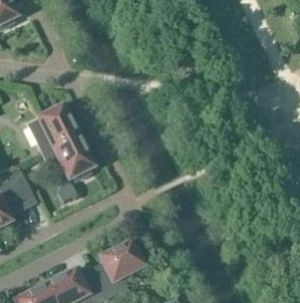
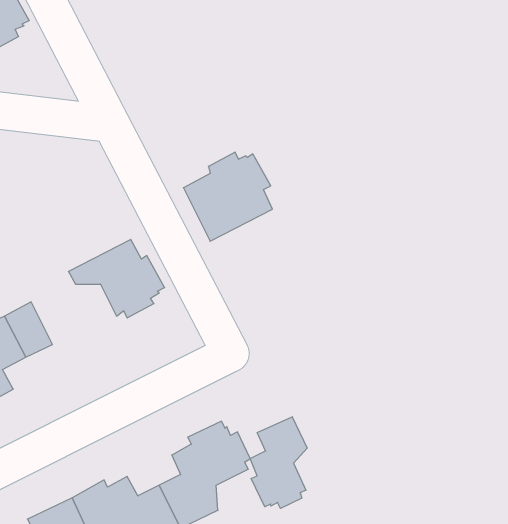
building: [28,104,78,155] -> [183,152,272,241]
building: none -> [250,417,307,508]

